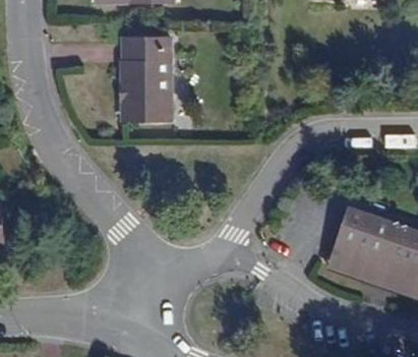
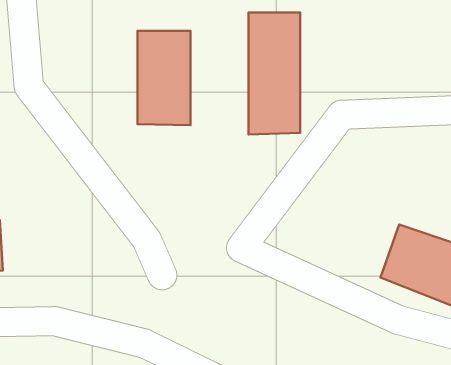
building: none -> [249,12,300,134]

